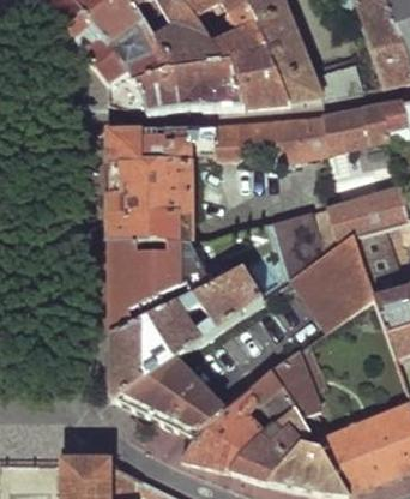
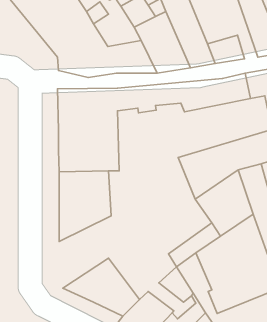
building: [111,270,265,401] -> none

